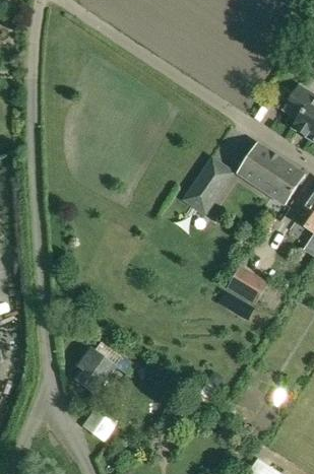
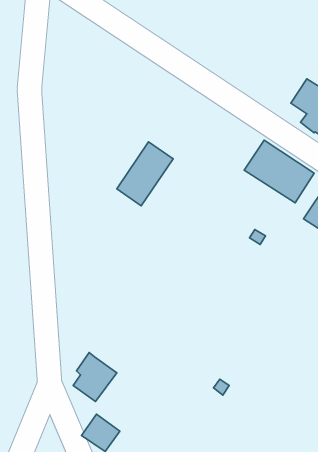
building: [182,154,236,215] -> [117,142,173,206]
building: [227,266,267,304] -> none

